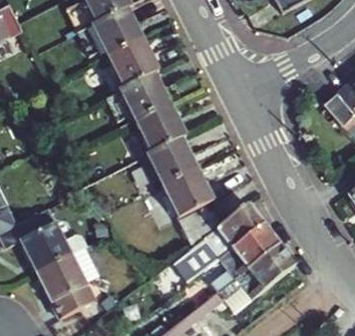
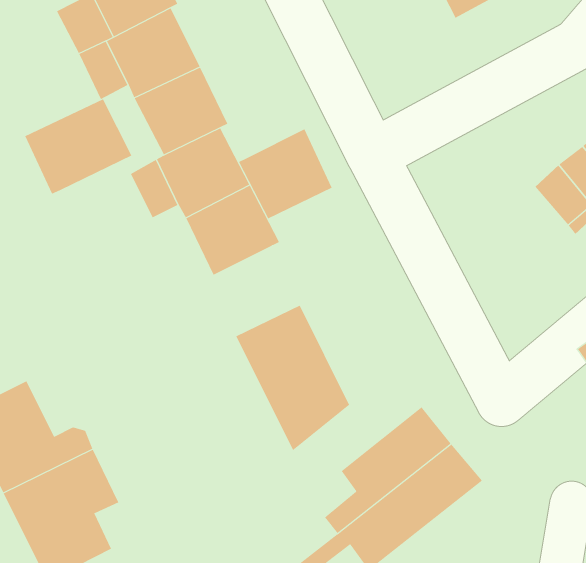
building: none -> [25,99,132,195]
building: [146,135,198,185] -> [238,129,333,219]
building: [174,204,264,281] -> none

